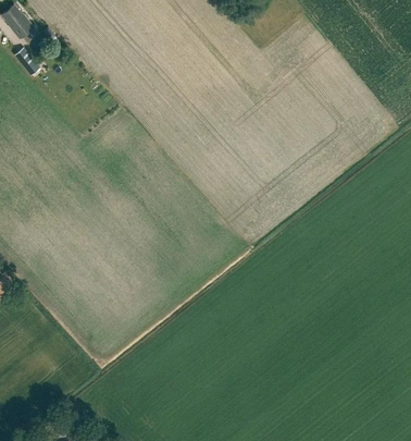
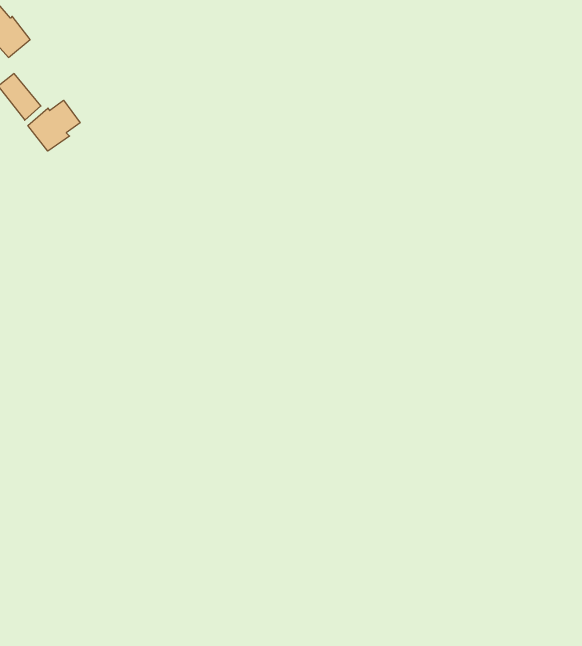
building: none -> [28,100,80,151]

